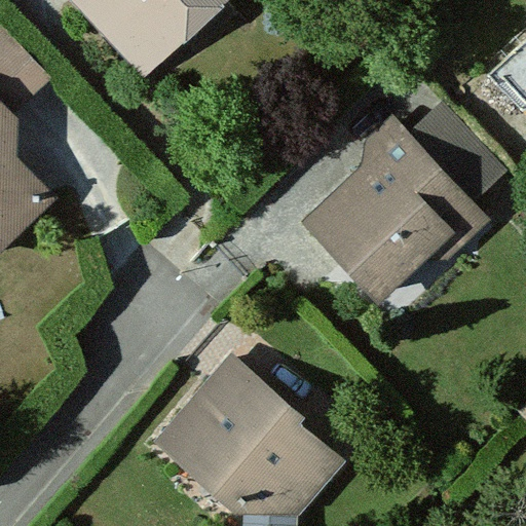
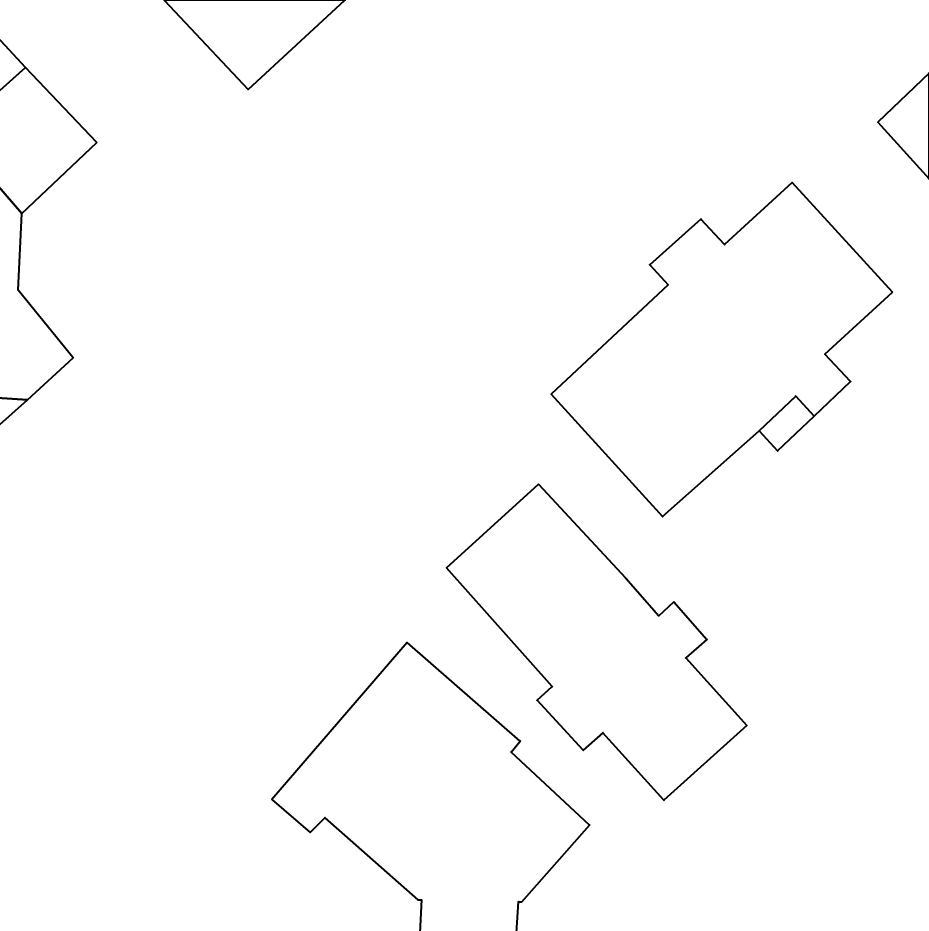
building: none -> [447,484,747,800]

